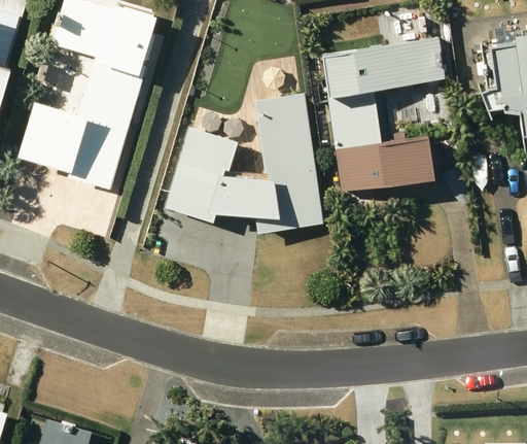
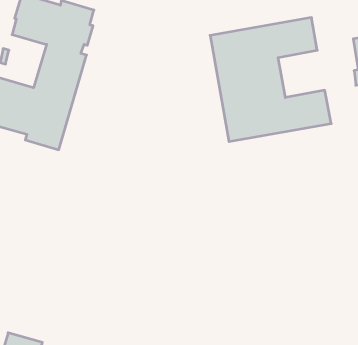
building: [165,95,324,235] -> none

